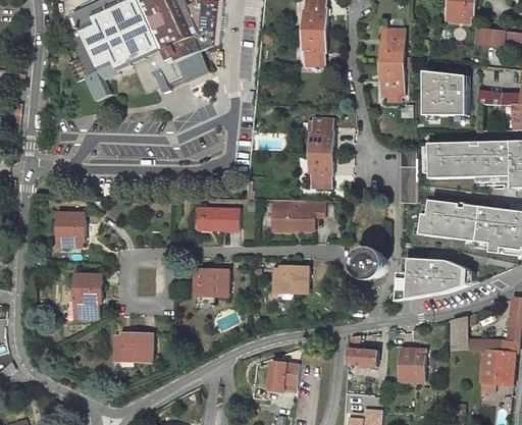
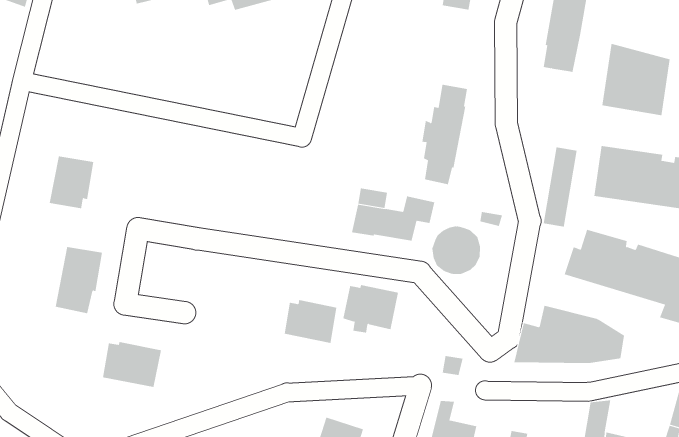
building: [202,206,239,230] -> none
building: [354,247,388,280] -> [432,226,481,274]
building: [194,268,227,295] -> [284,299,337,344]

